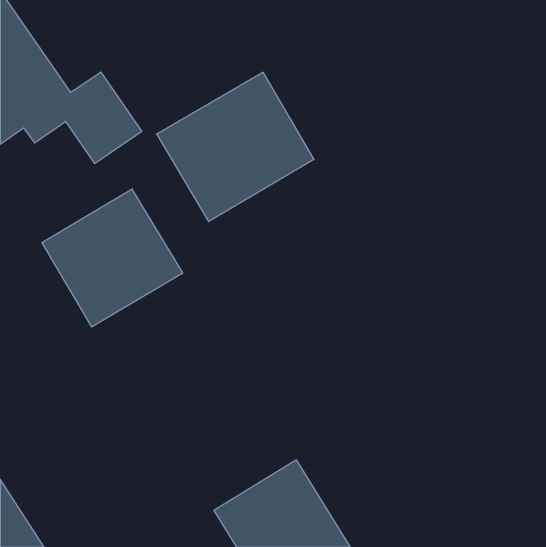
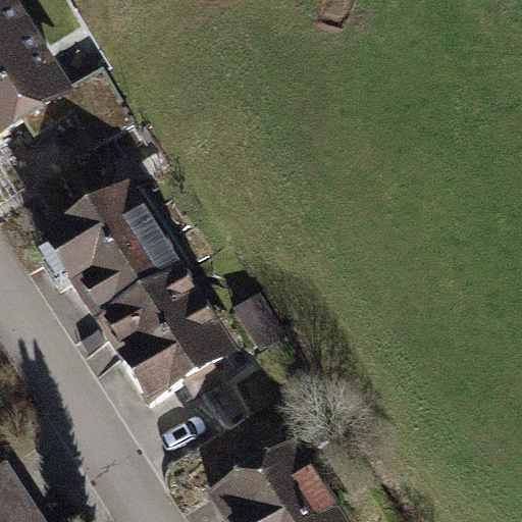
building: [157,72,314,222] -> none
building: none -> [90,259,227,397]

